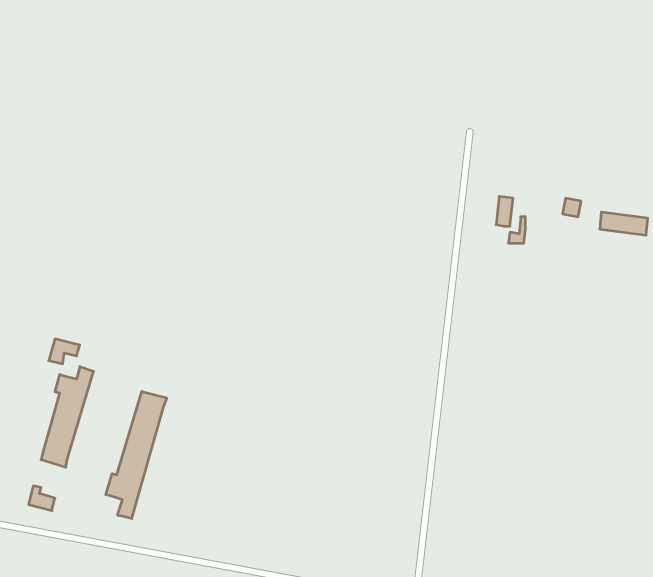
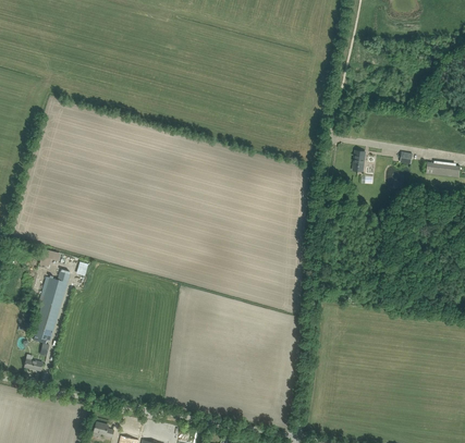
building: [106,391,167,519] -> none

